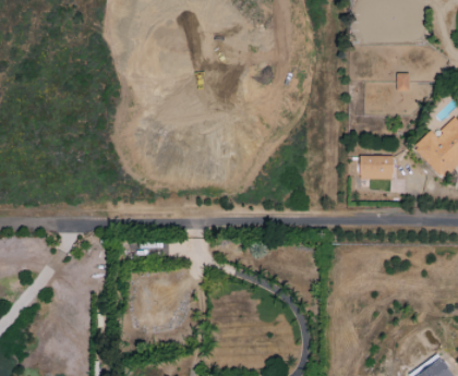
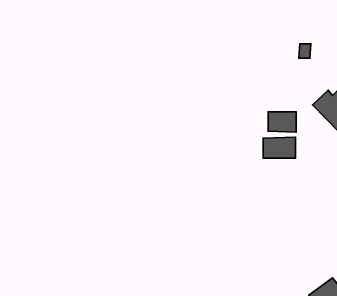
building: none -> [263,137,295,158]

